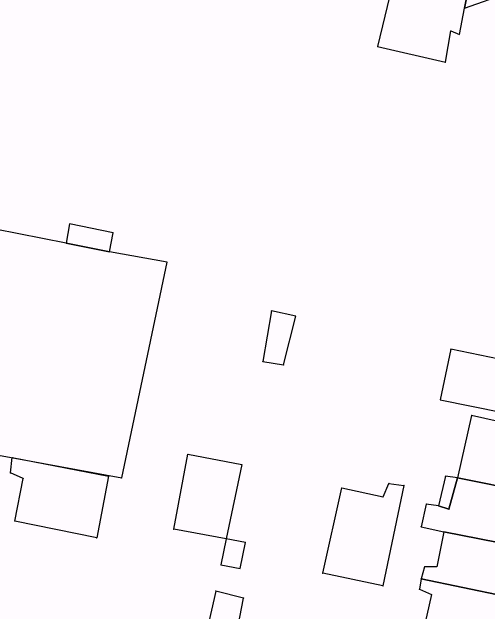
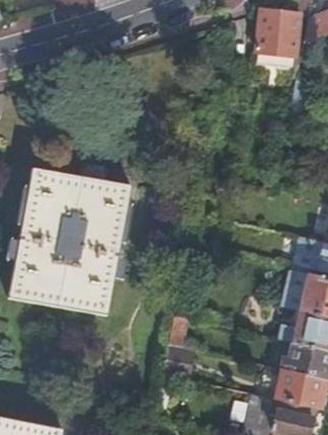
building: [174,454,242,539] -> none
building: [10,458,109,538] -> none
building: [323,483,404,586] -> none

